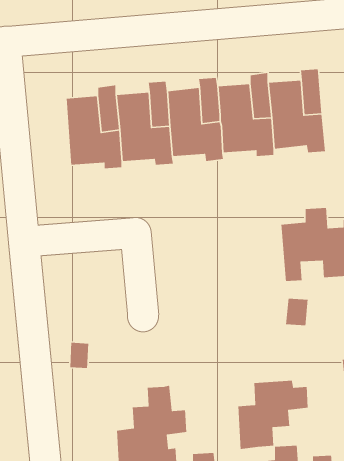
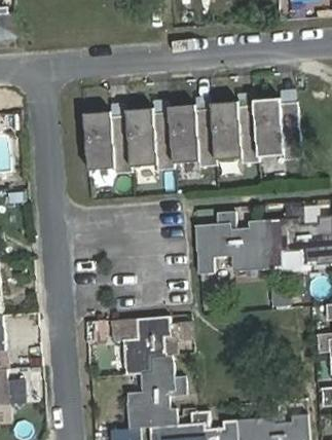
building: none -> [195,211,268,273]
building: [237,380,309,450] -> [122,317,182,375]

